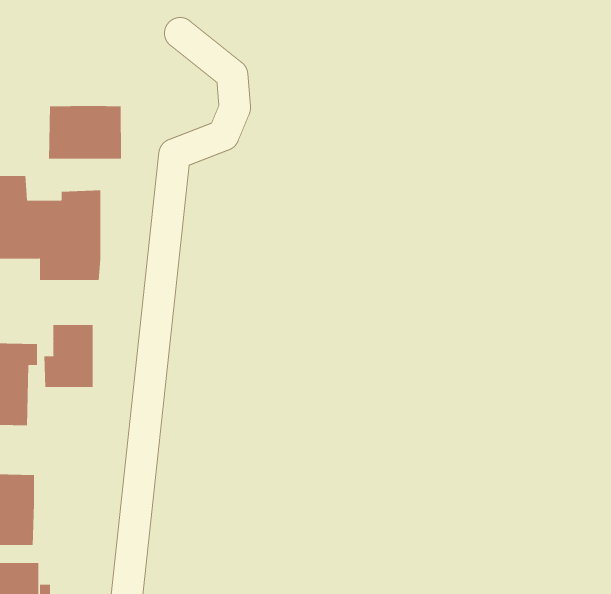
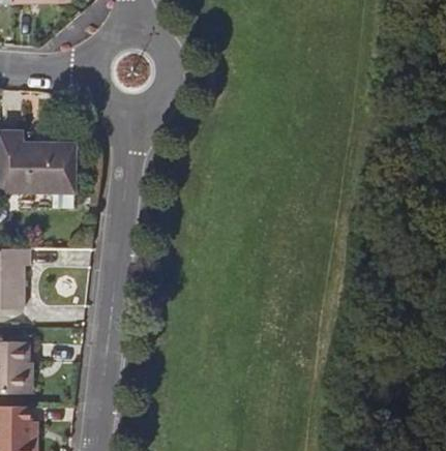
building: [48,105,121,160] -> none
building: [44,324,93,388] -> none

